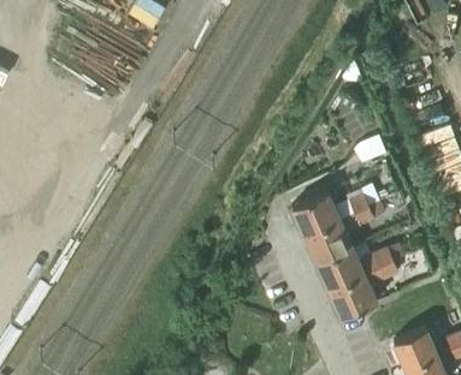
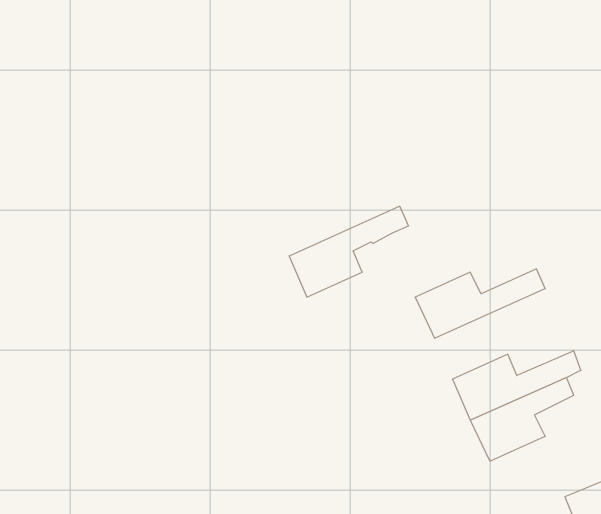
building: [305,203,385,264] -> [289,206,409,297]

